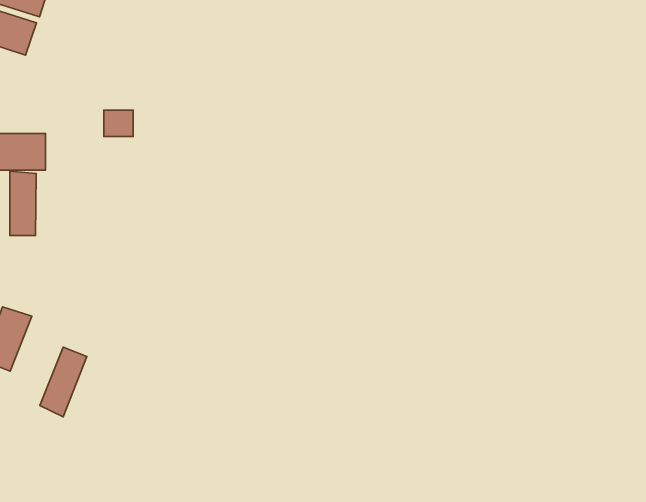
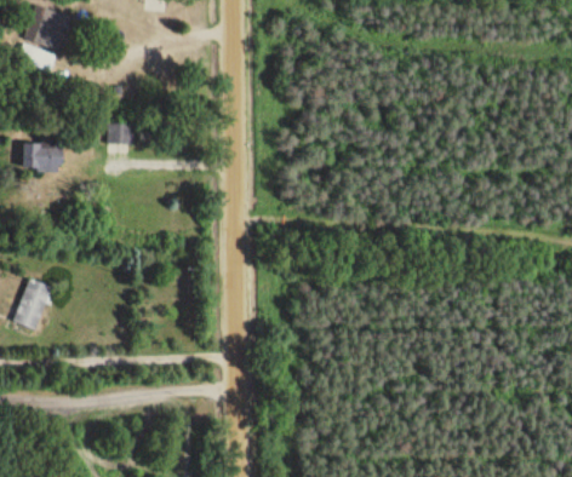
building: [10,171,36,235] -> none
building: [40,347,87,417] -> none

